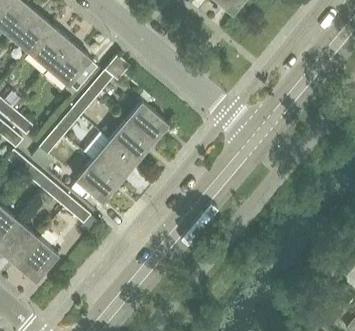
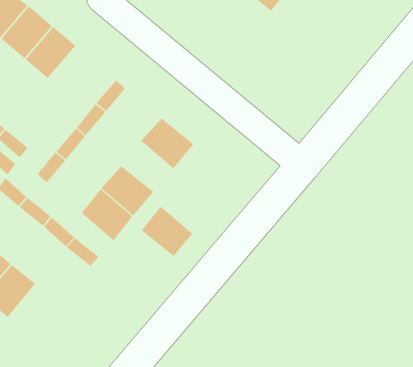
building: [48,42,90,85] -> none
building: [108,120,151,162] -> [141,206,193,257]
building: [15,237,57,281] -> none

